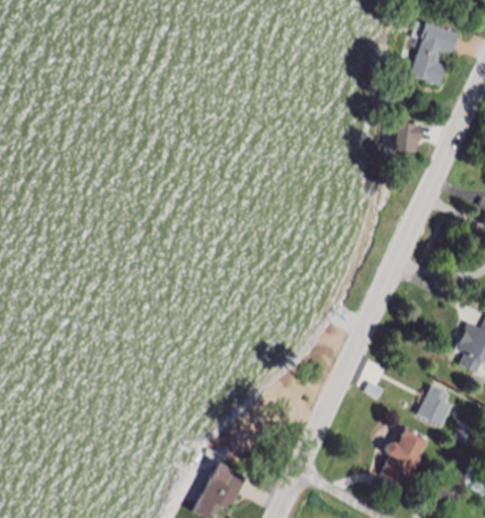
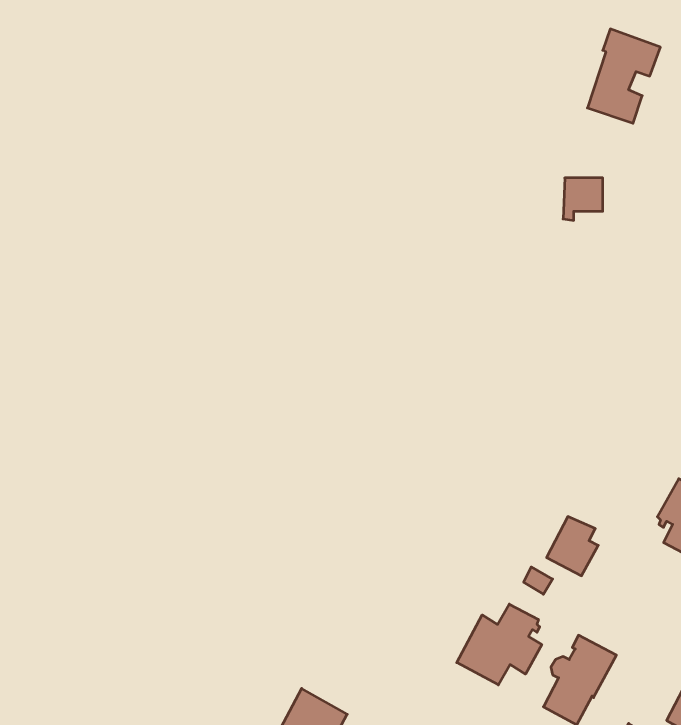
building: [418,386,453,426] -> [547,517,598,576]
building: none -> [457,604,542,685]

